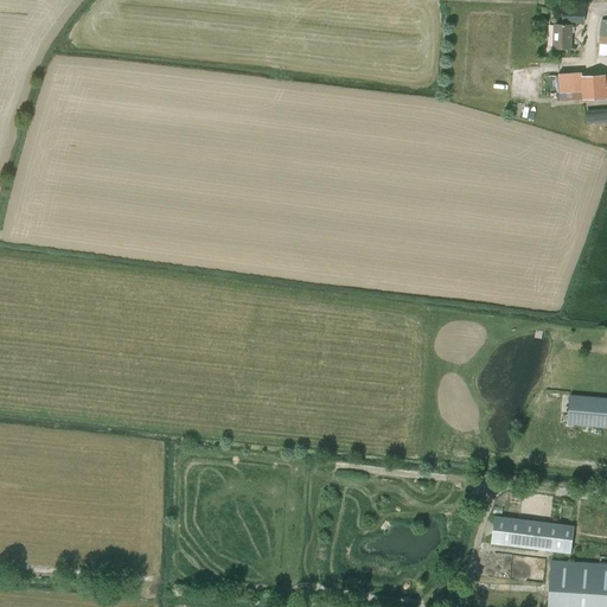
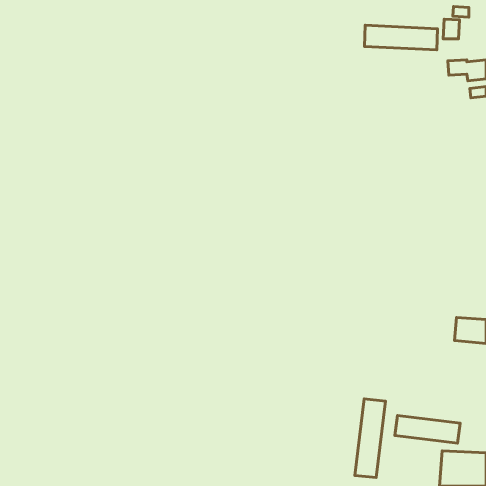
building: none -> [365,25,437,50]
building: none -> [355,399,385,477]

